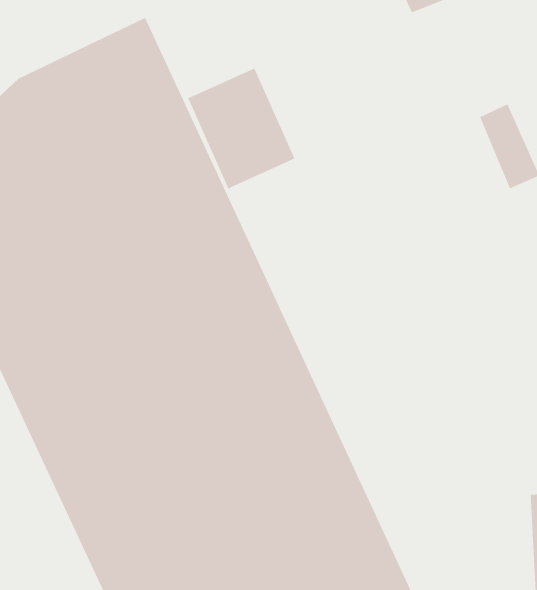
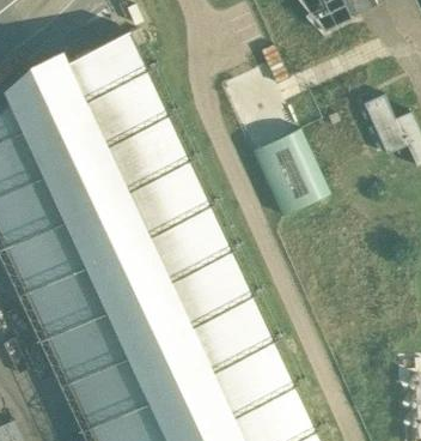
building: [187,67,295,189] -> [251,129,328,216]

